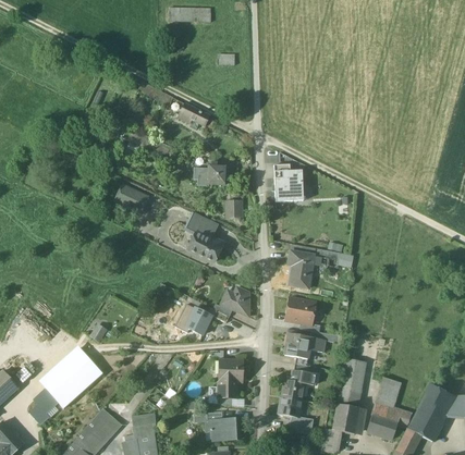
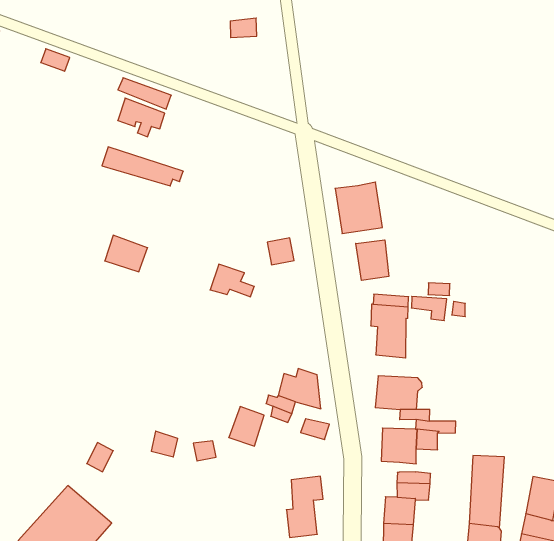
building: [178,102,209,130] -> [118,98,165,137]
building: [194,162,225,185] -> none
building: none -> [356,240,389,280]
building: [187,230,221,261] -> none

